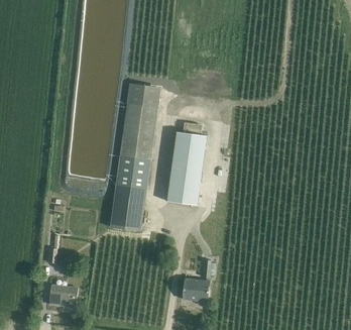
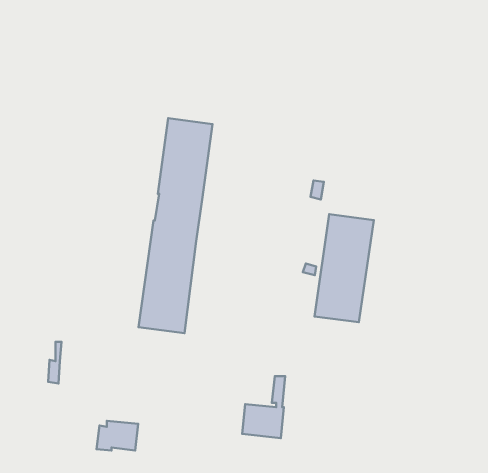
building: [165,132,206,206] -> [314,214,374,322]
building: [46,286,75,306] -> [97,421,138,451]

